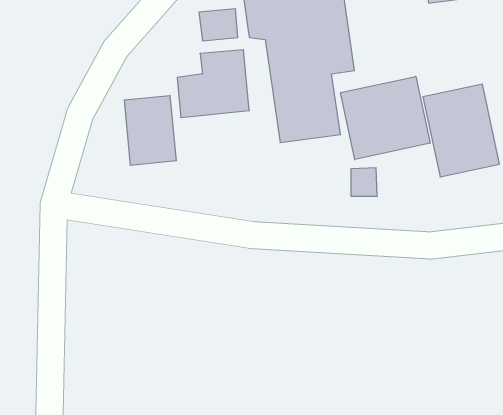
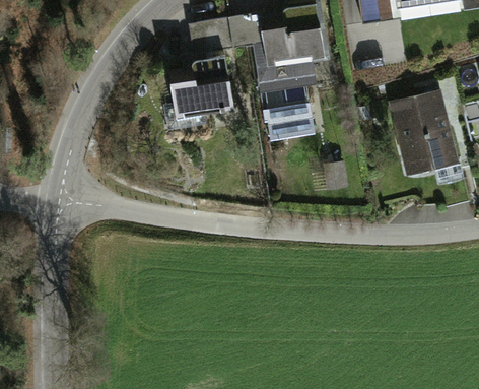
building: [340,76,430,160] -> none
building: [124,95,176,165] -> none

